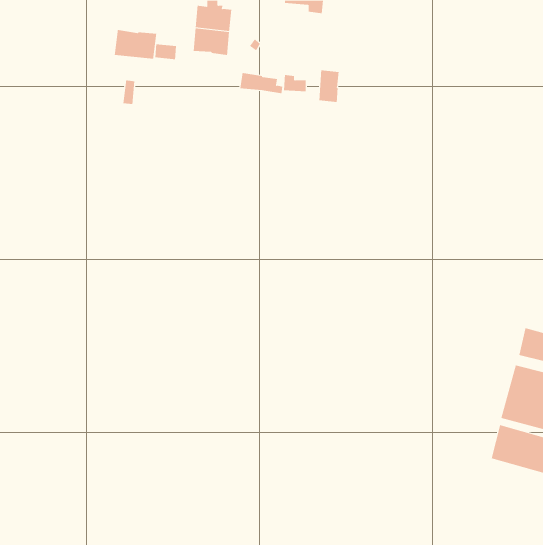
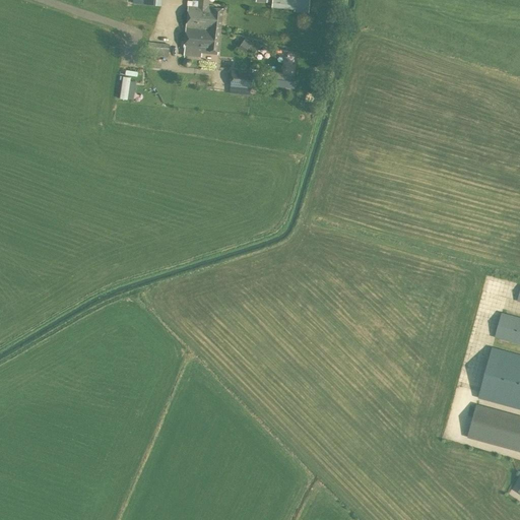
building: [114,29,157,60] -> none
building: [319,70,339,103] -> none

